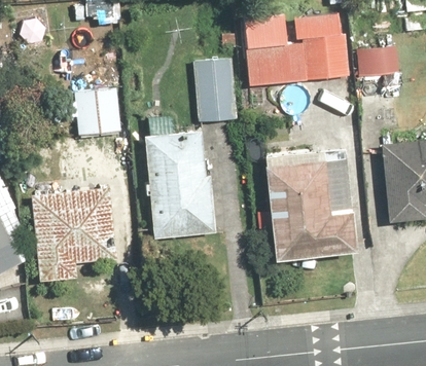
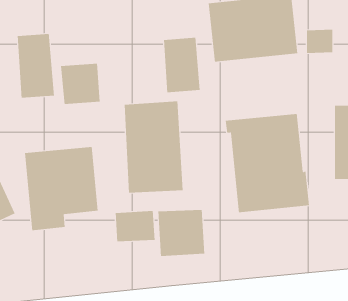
building: none -> [17,33,54,99]
building: none -> [158,209,205,257]
building: none -> [115,210,155,242]

